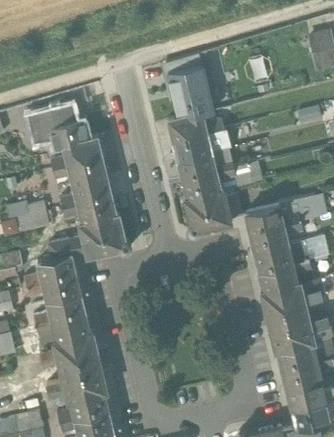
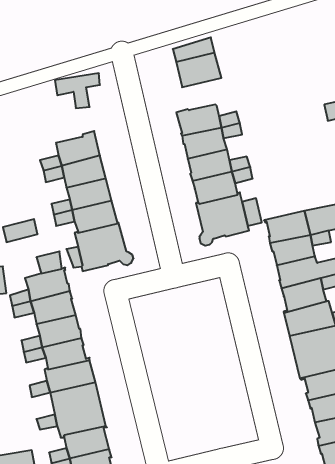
building: [172,84,224,116] -> none
building: [28,104,86,148] -> none

